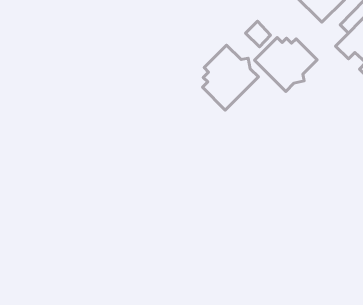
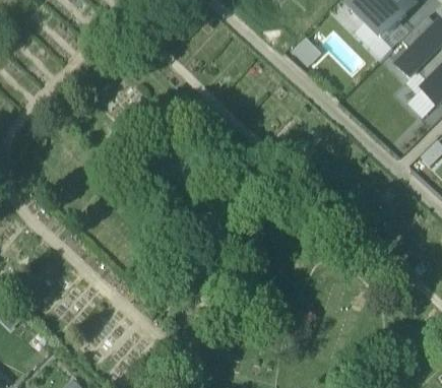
building: [255,38,317,91] -> none
building: [203,45,258,110] -> none

